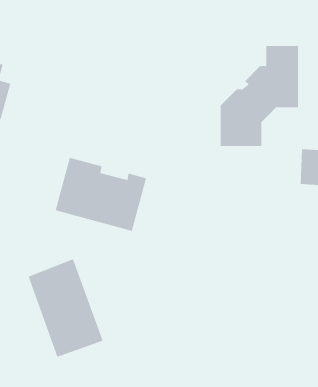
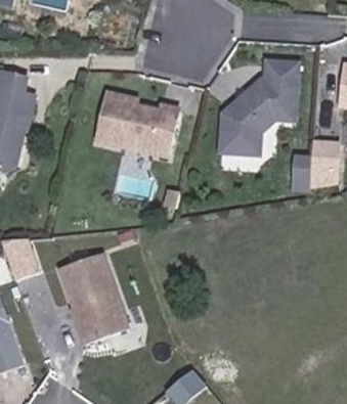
building: [55,157,147,232] -> [95,91,180,160]

